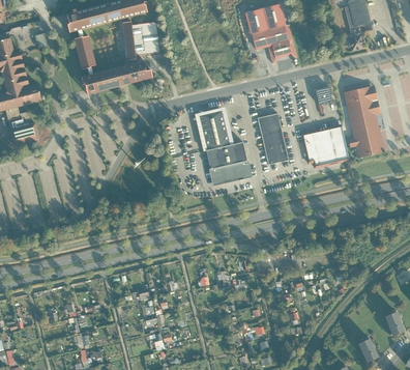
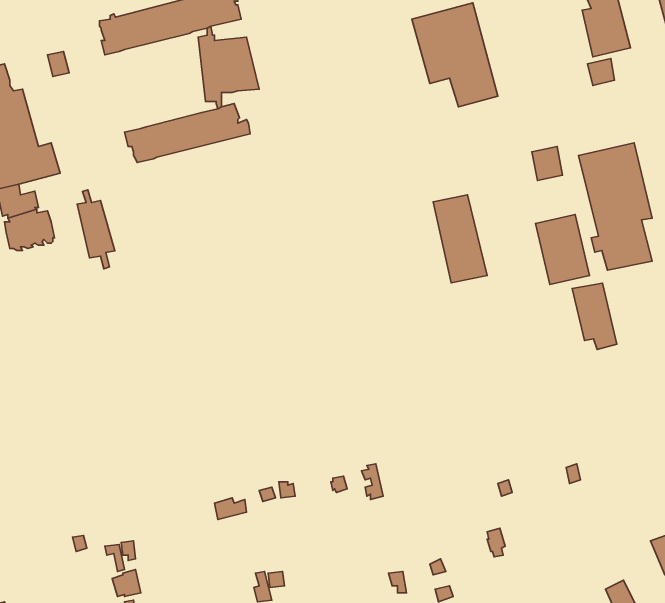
building: [75,30,96,76] -> [77,190,115,269]
building: [196,107,253,186] -> none
building: [300,131,326,169] -> [572,283,617,349]

